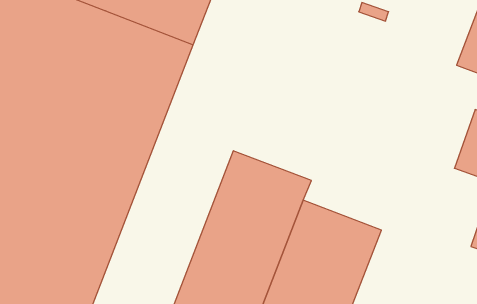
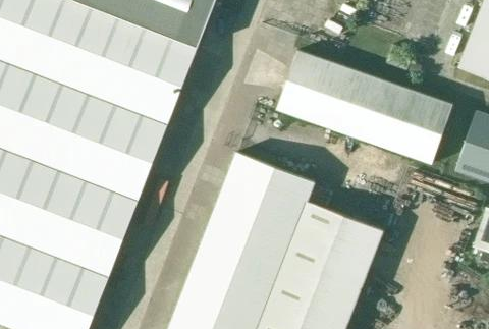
building: none -> [276,50,452,163]

